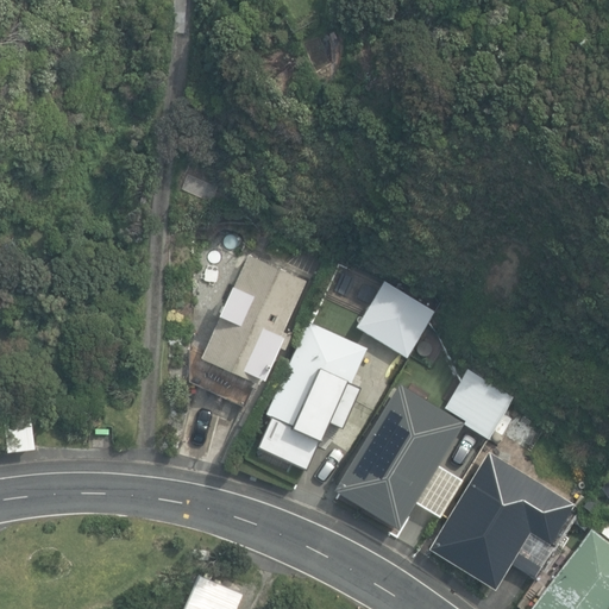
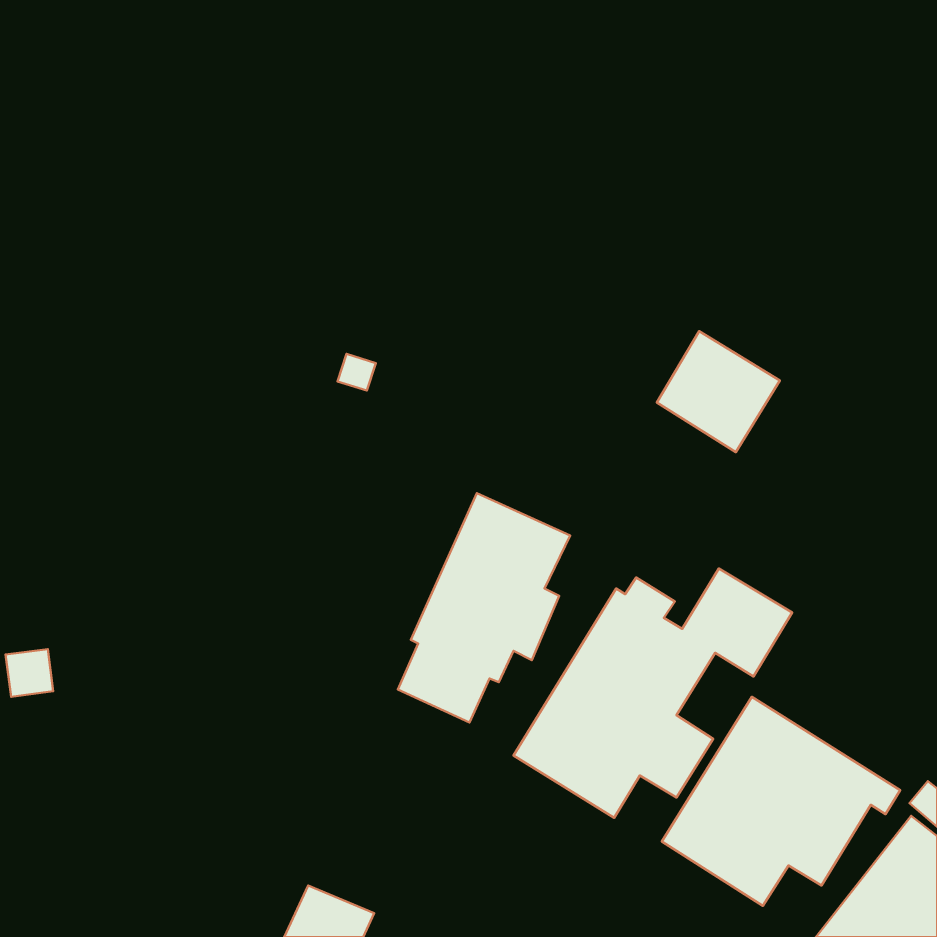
building: [184,255,307,404] -> none
building: [356,281,435,359] -> [657,331,780,452]

